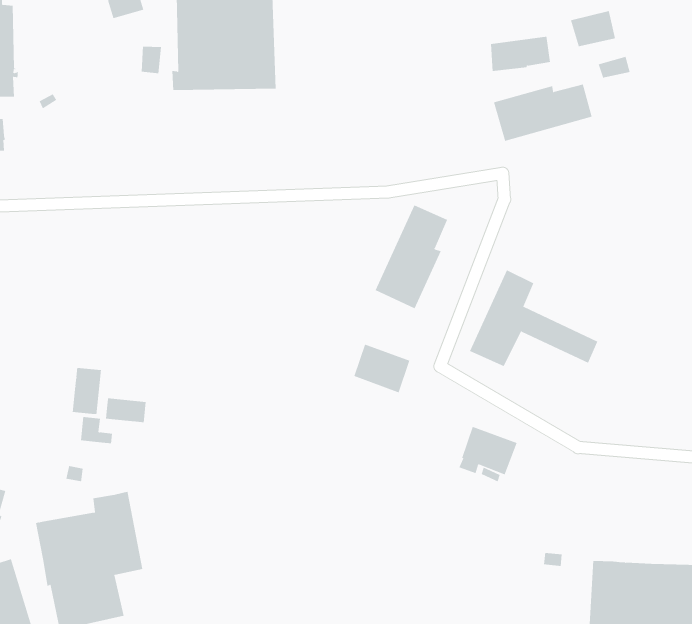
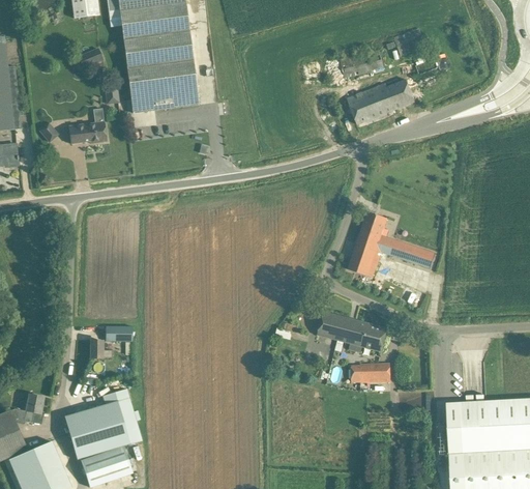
building: none -> [68,107,107,143]
building: [375,205,448,309] -> none
building: [354,344,410,393] -> [318,311,355,342]
building: [72,367,102,415] -> none
building: none -> [360,363,390,380]

